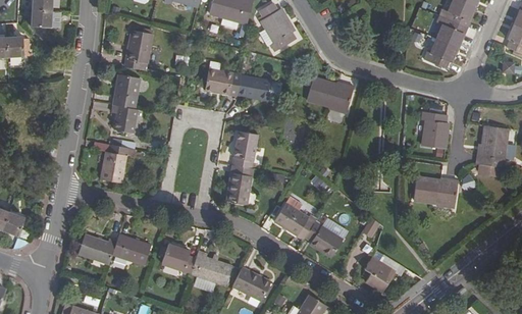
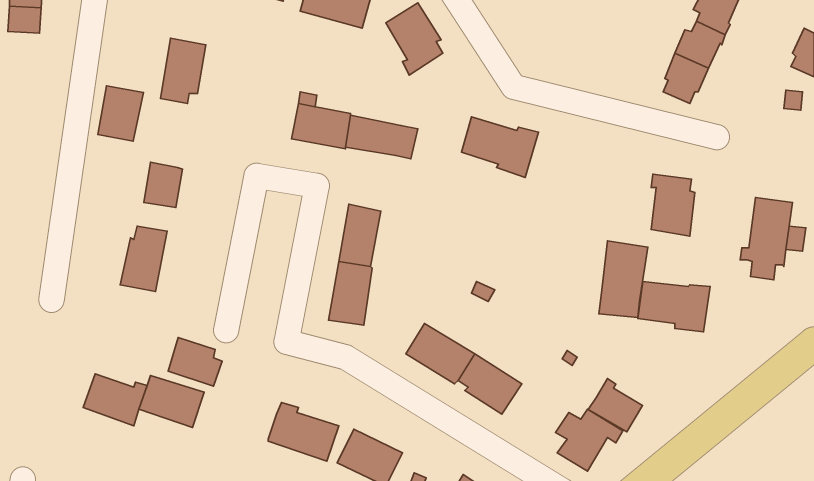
building: [113,73,141,107] -> [98,86,143,141]
building: none -> [599,241,648,318]
building: none -> [588,379,643,432]
building: [162,243,195,272] -> [168,338,222,386]

